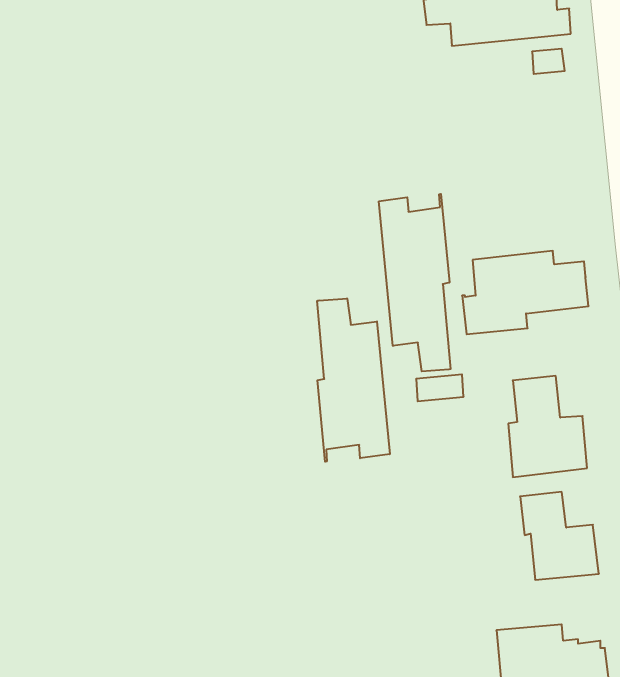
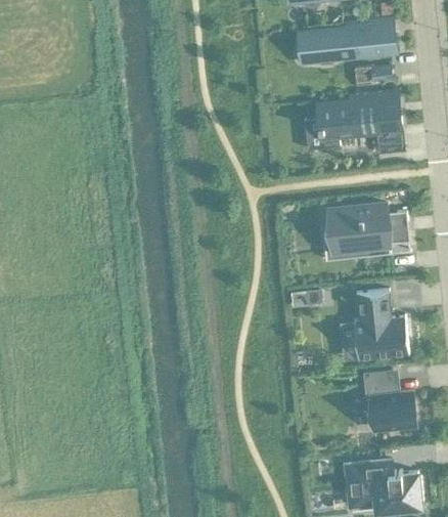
building: none -> [314,89,405,154]
building: [379,194,451,371] -> none
building: [317,298,390,462] -> none

